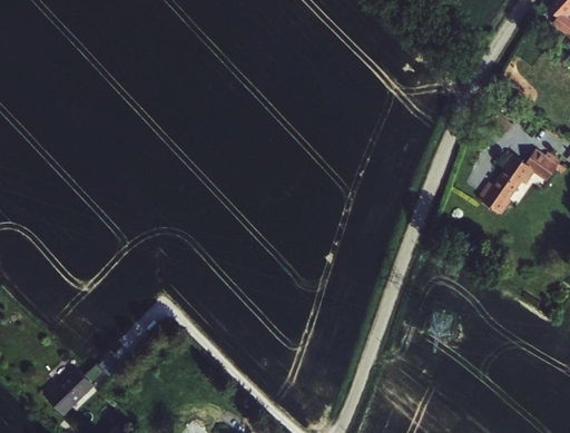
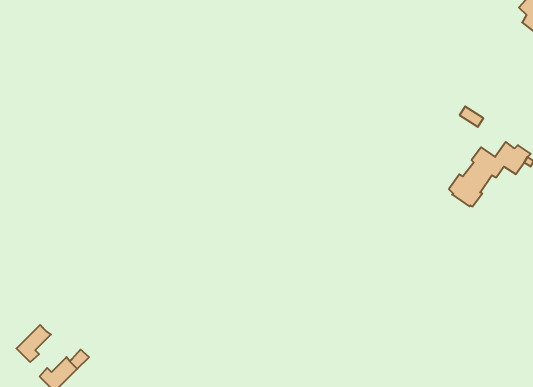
building: none -> [16,325,51,362]

